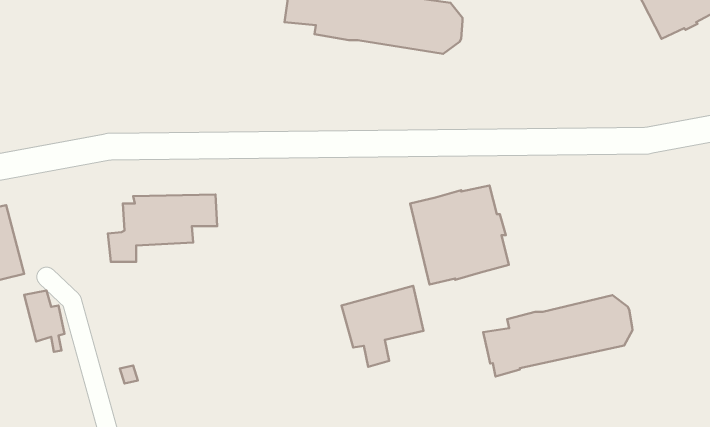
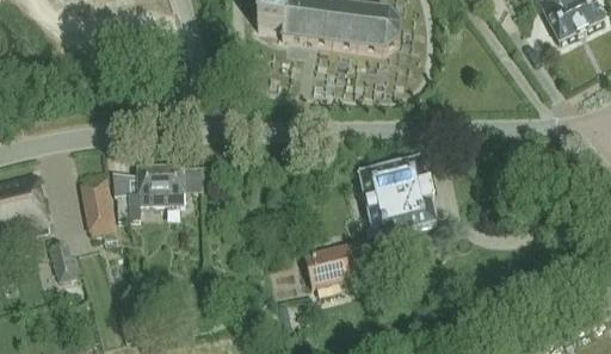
building: none -> [79,173,117,232]
building: [483,295,633,377] -> none

